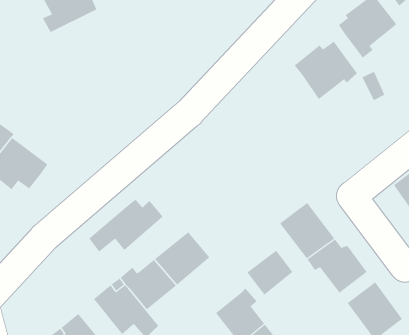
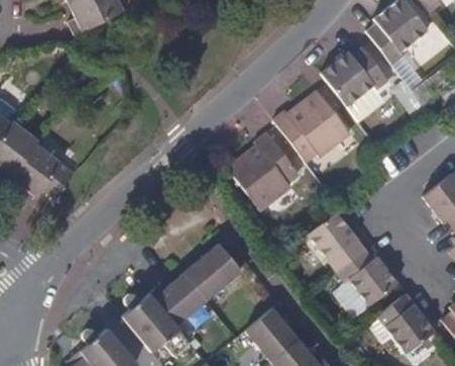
building: none -> [276,90,353,163]
building: none -> [231,131,301,210]
building: [89,199,164,253] -> none
building: [247,250,293,296] -> none

